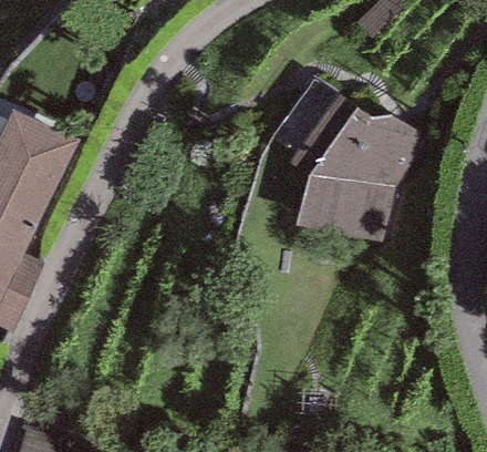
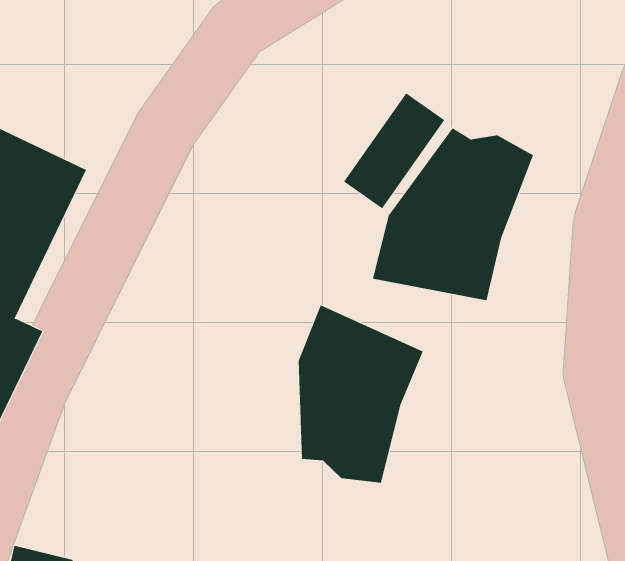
building: none -> [298,305,424,484]

